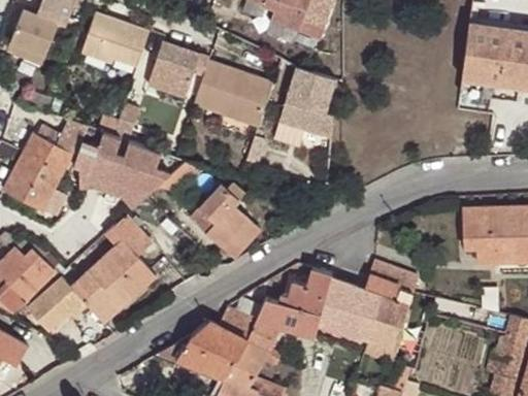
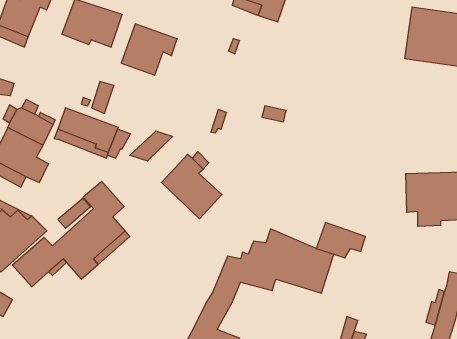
building: [193,61,273,127] -> none
building: [280,67,335,136] -> none
building: [365,290,412,359] -> none
building: [156,307,256,378] -> none

